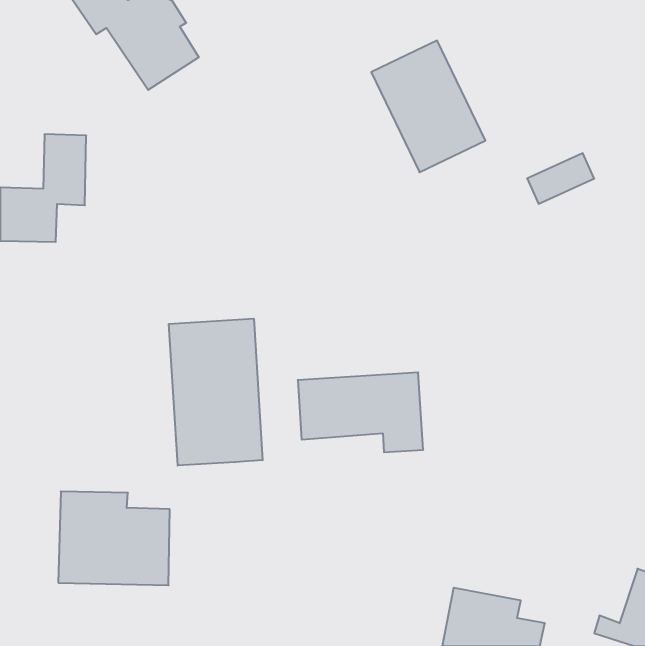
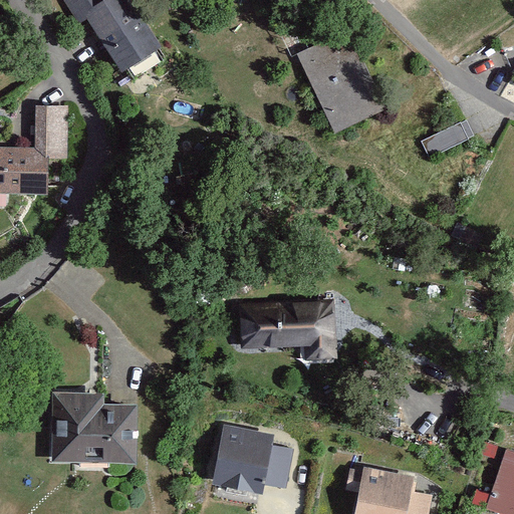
building: [169,319,263,466] -> none
building: none -> [210,423,292,494]

